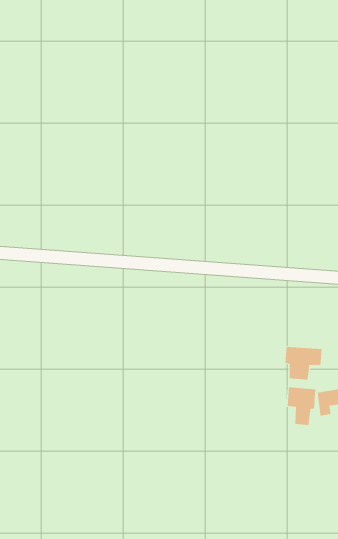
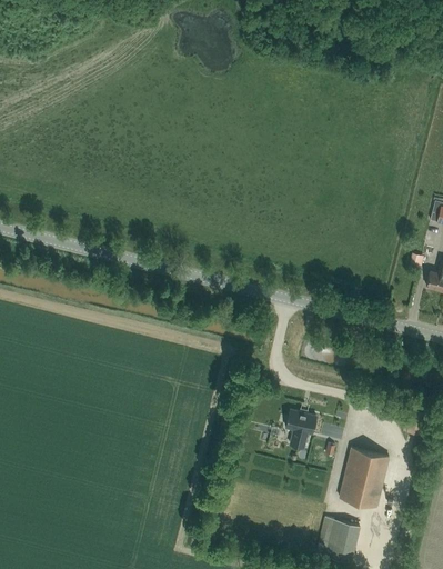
building: [285,346,322,380] -> none

